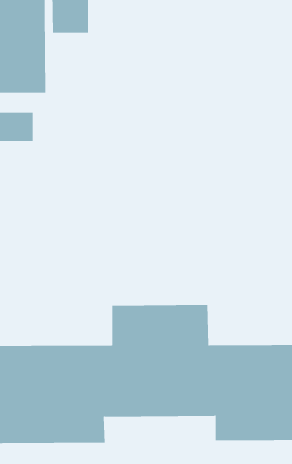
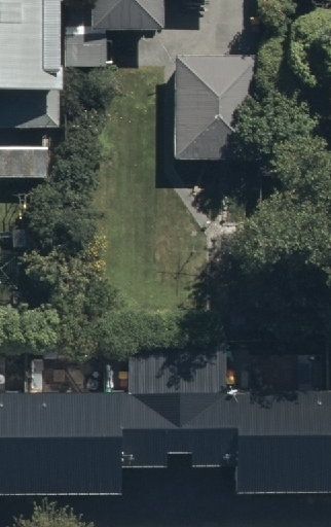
building: none -> [175,56,257,160]

